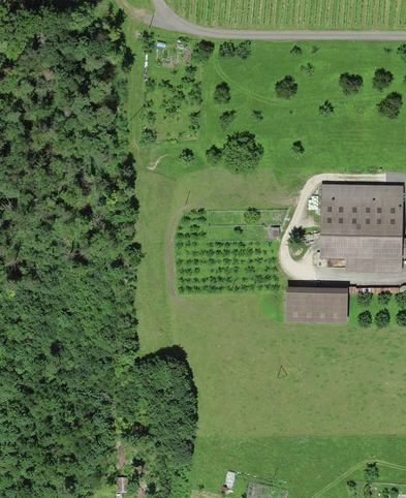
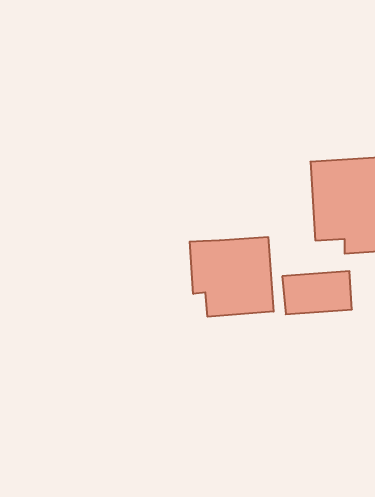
building: none -> [190,237,274,317]

